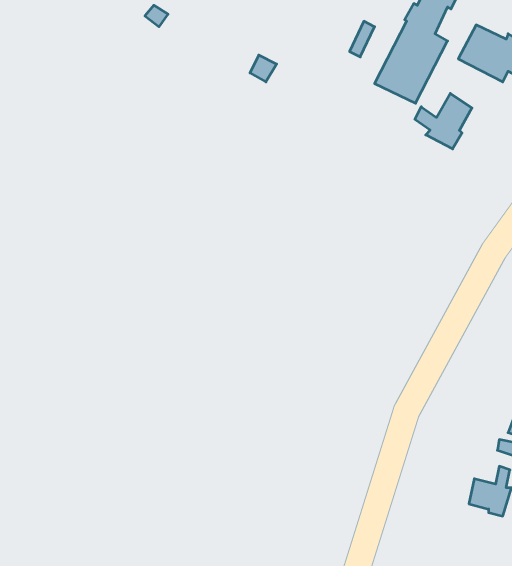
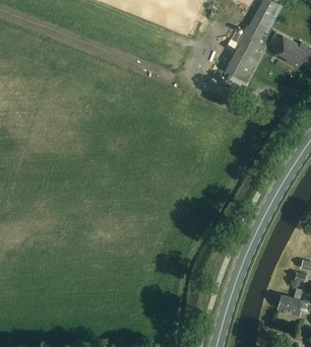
building: [415,93,472,149] -> none

